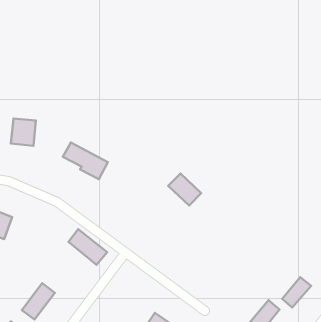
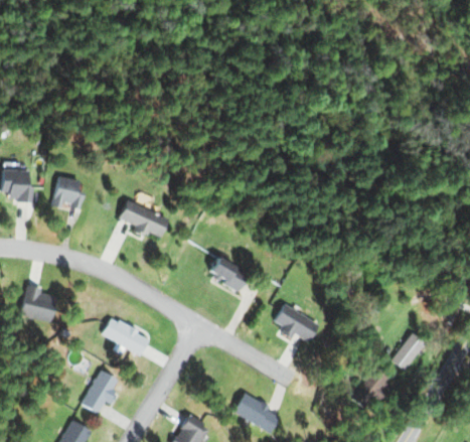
building: [168,174,201,206] -> [206,256,247,293]
building: [68,229,107,265] -> [105,317,152,357]
building: none -> [269,303,314,344]

